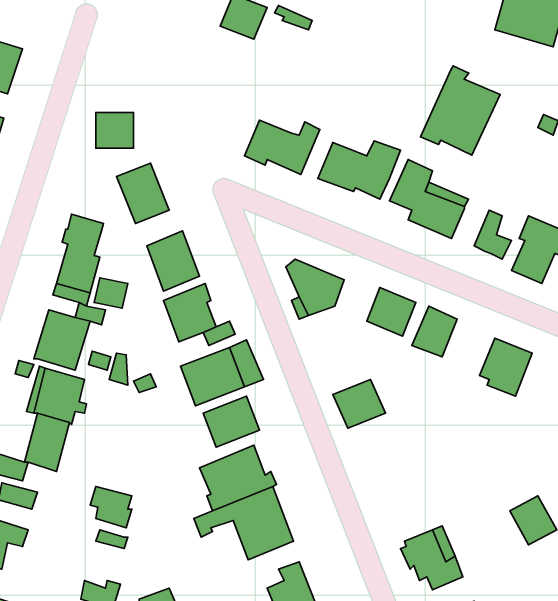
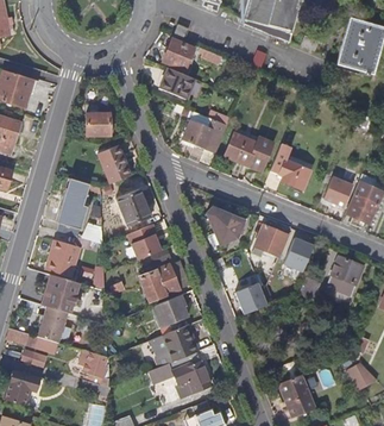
building: none -> [162,70,196,101]
building: [421,66,500,155] -> none

